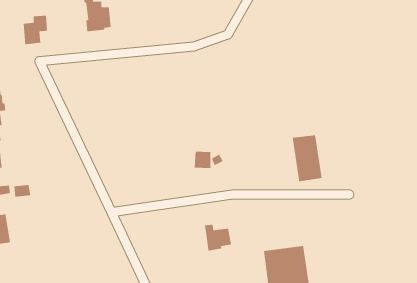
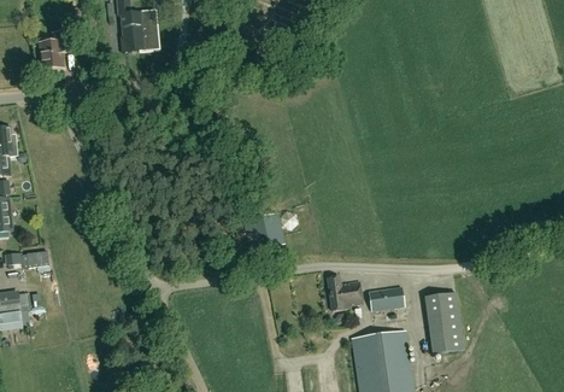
building: [292,135,322,182] -> [424,292,464,353]
building: none -> [369,287,404,310]
building: [204,224,232,251] -> [327,276,363,311]

